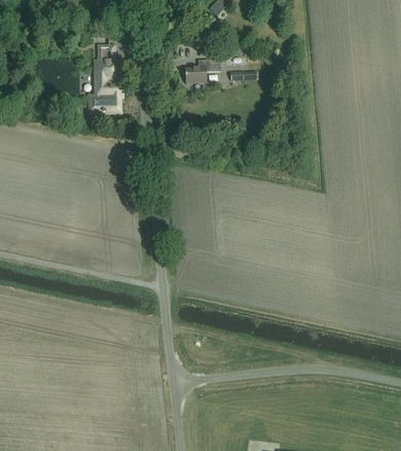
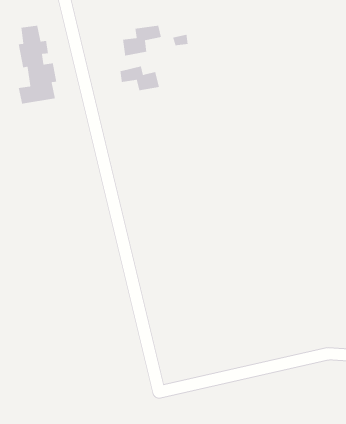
building: none -> [119,66,160,91]

